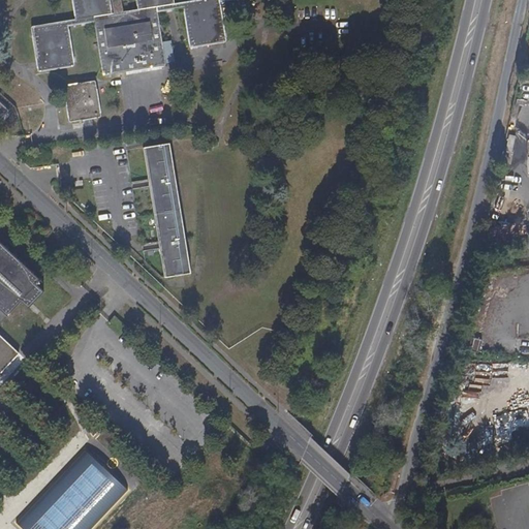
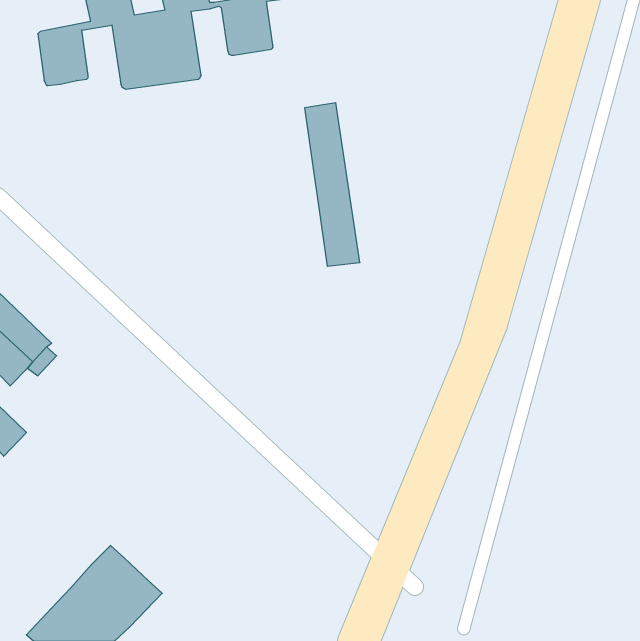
building: [62,81,100,120] -> none
building: [144,143,189,277] -> [305,103,360,266]

